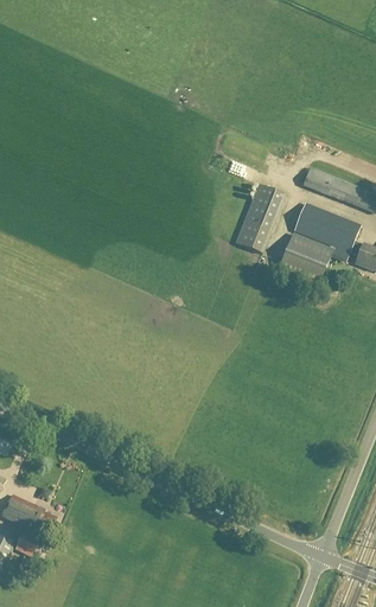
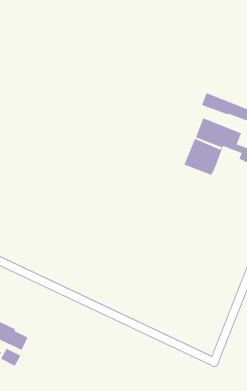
building: [235,185,285,254] -> none

